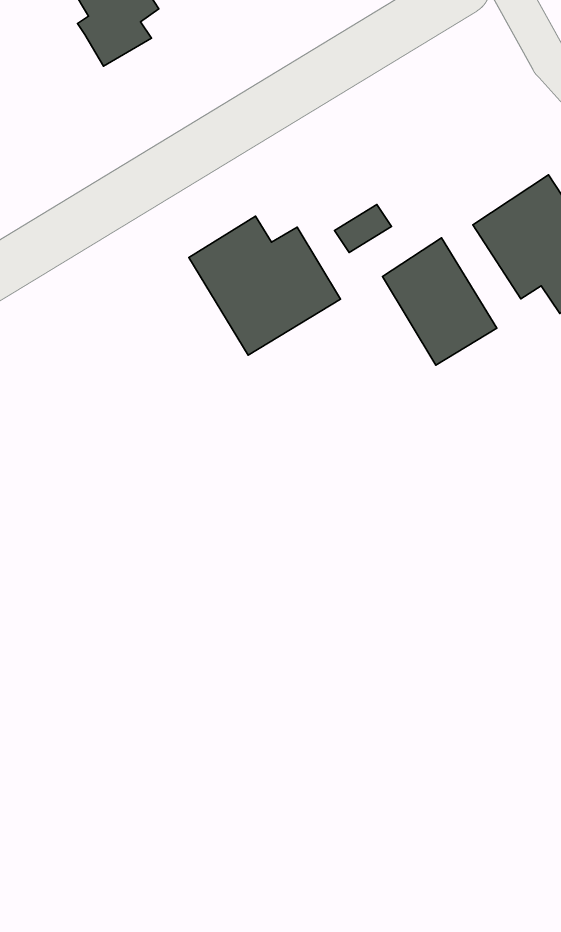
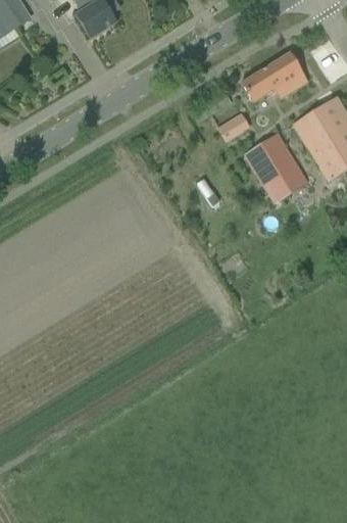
building: none -> [242,51,308,101]
building: [189,216,340,355] -> none

